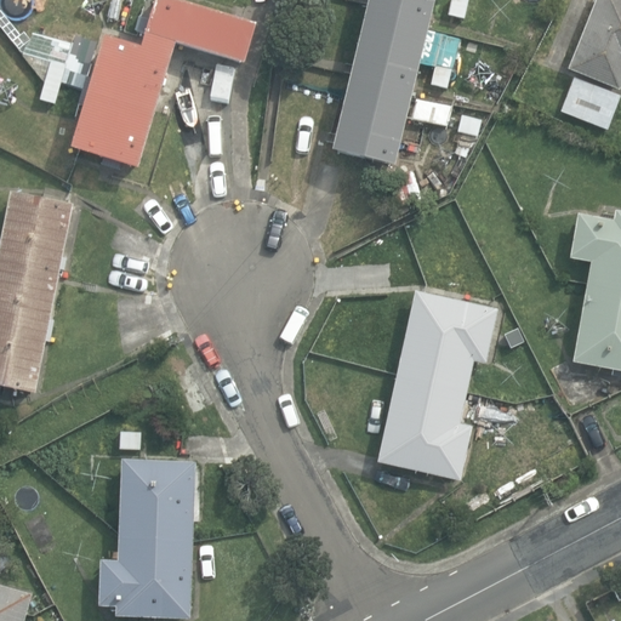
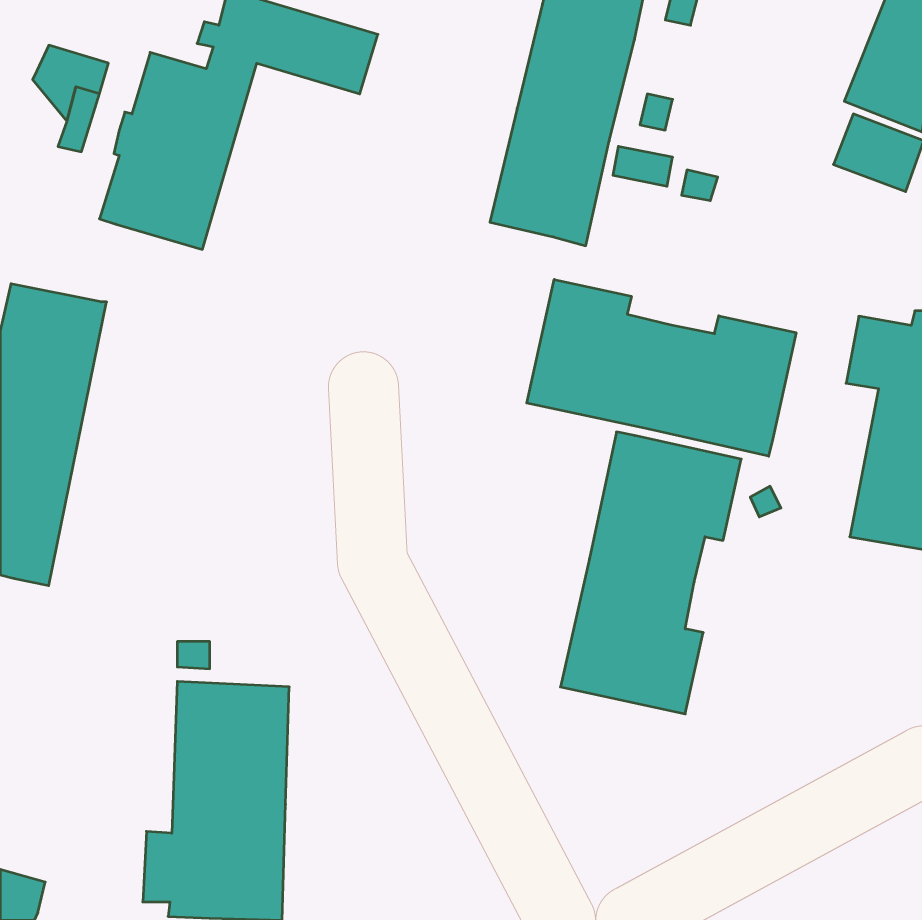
building: none -> [527,279,796,456]

